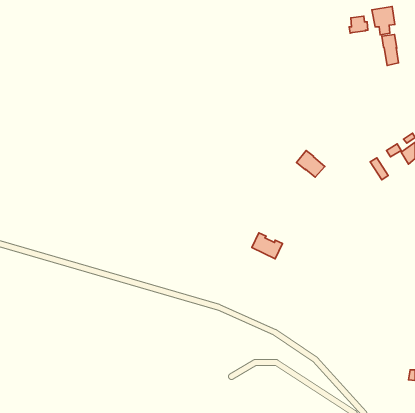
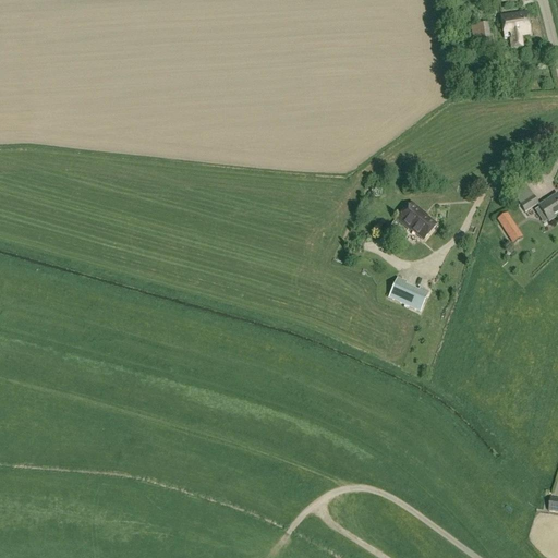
building: [382,34,399,66] -> none
building: [252,233,283,259] -> [388,276,429,311]

